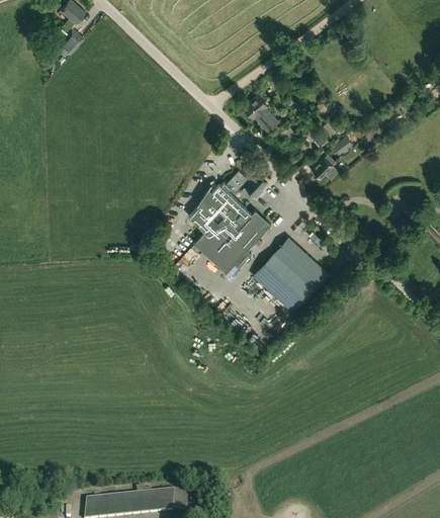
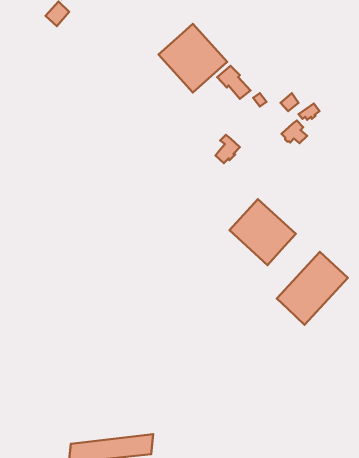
building: none -> [158,24,227,93]
building: [190,182,271,272] -> none
building: none -> [277,252,348,325]

